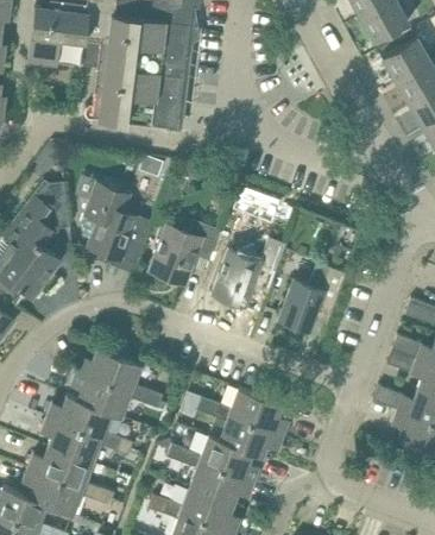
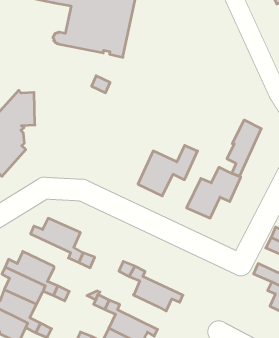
building: [81,181,152,263] -> none
building: none -> [227,120,261,176]
building: [150,220,221,284] -> none
building: [72,371,131,417] -> none
building: [228,388,288,435] -> none
building: [198,435,258,483] -> none

